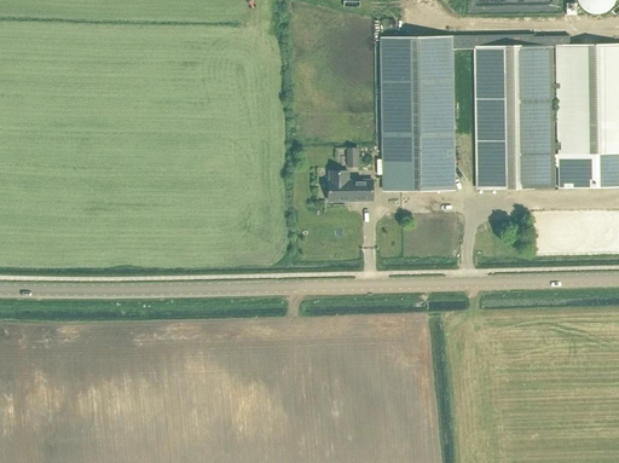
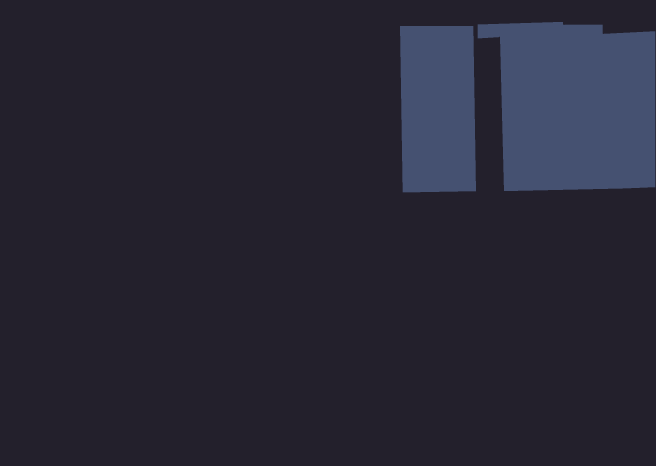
building: [328,170,372,199] -> none

